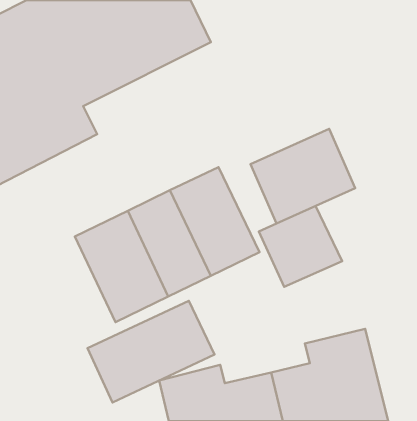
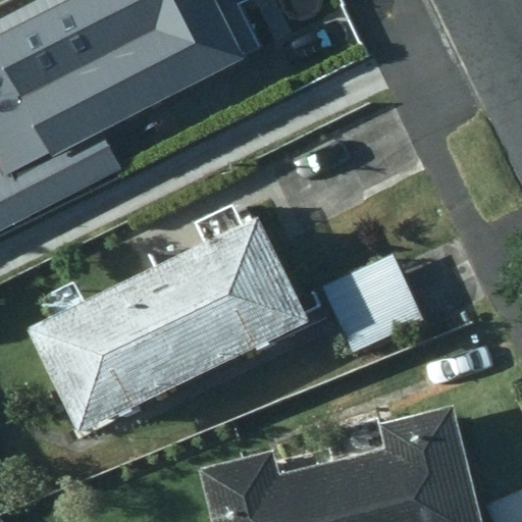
building: [250,129,355,224] -> none
building: none -> [41,279,143,425]
building: [87,301,214,403] -> none

